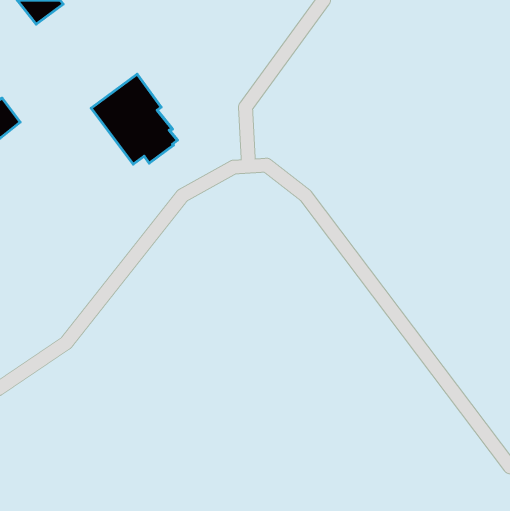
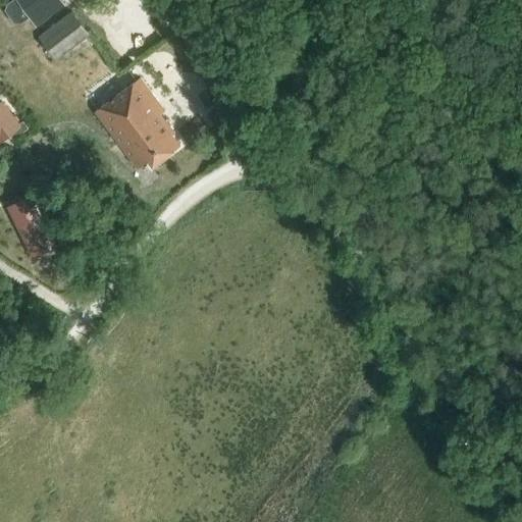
building: none -> [38,11,89,60]
building: none -> [6,196,53,253]

